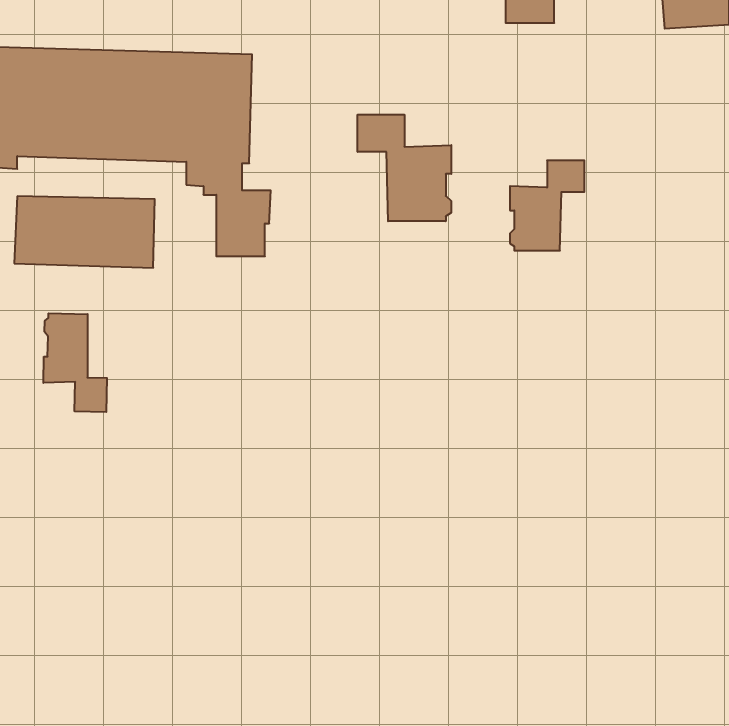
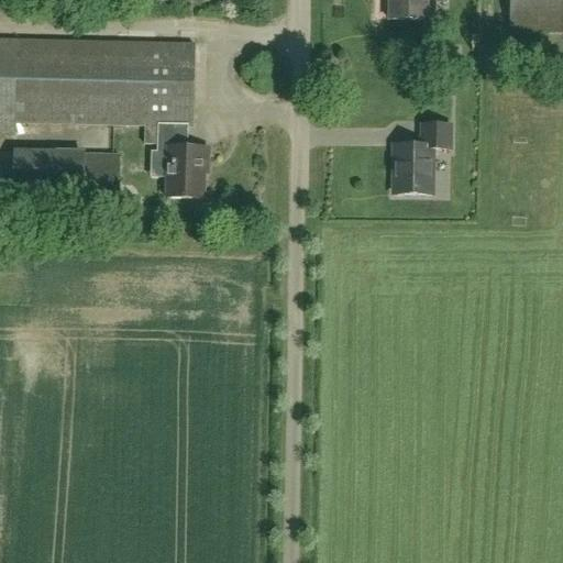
building: [358,115,451,221] -> none
building: [43,313,107,412] -> none

